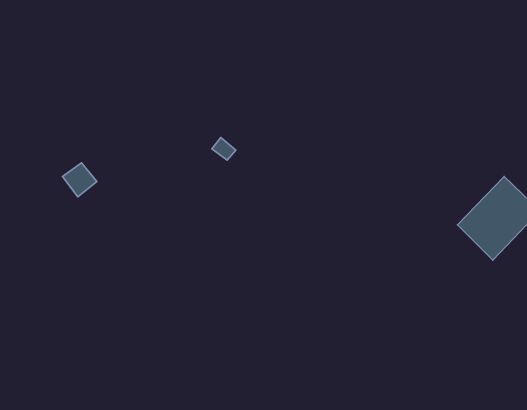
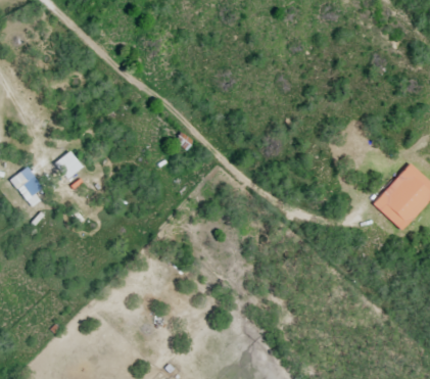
building: none -> [11,167,43,206]

